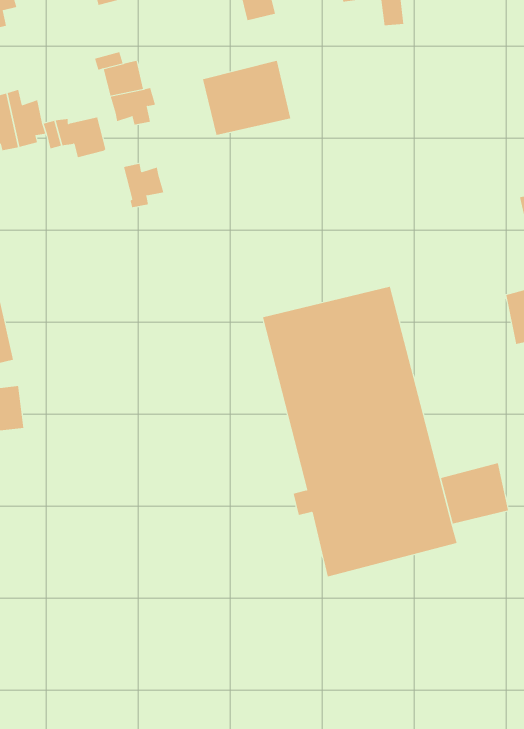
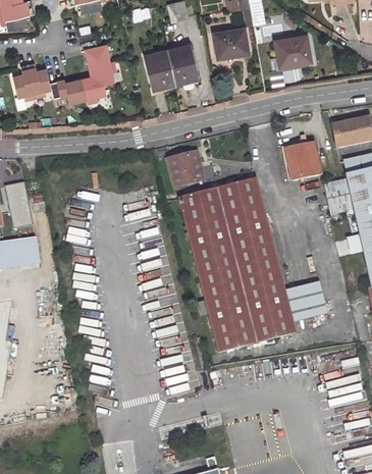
building: none -> [213,29,248,56]
building: none -> [274,36,310,67]
building: [123,163,164,208] -> [82,76,106,103]
building: none -> [286,144,321,180]
building: none -> [169,152,203,187]

